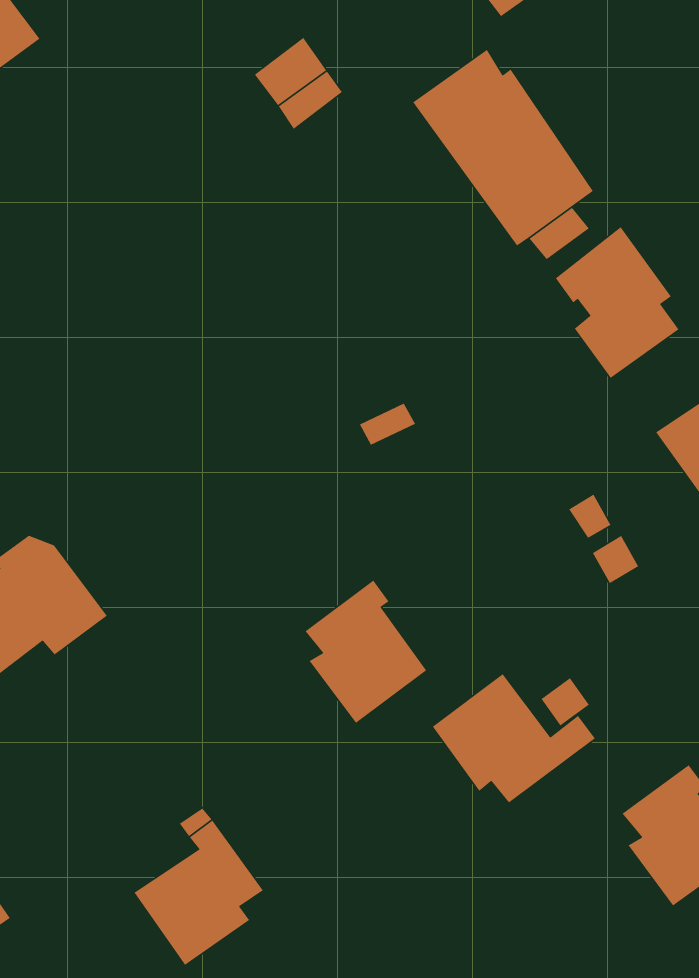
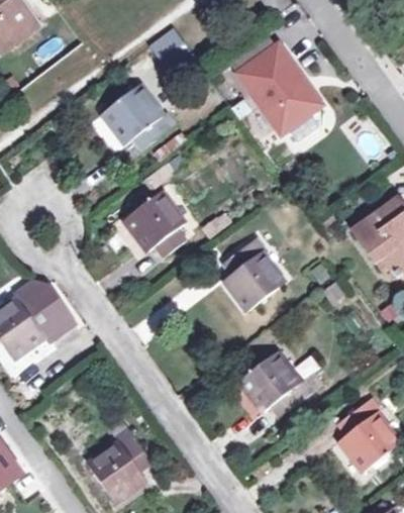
building: none -> [102,84,176,150]
building: [555,226,679,379] -> none
building: none -> [124,192,187,256]
building: [305,580,427,724] -> [221,236,284,310]

